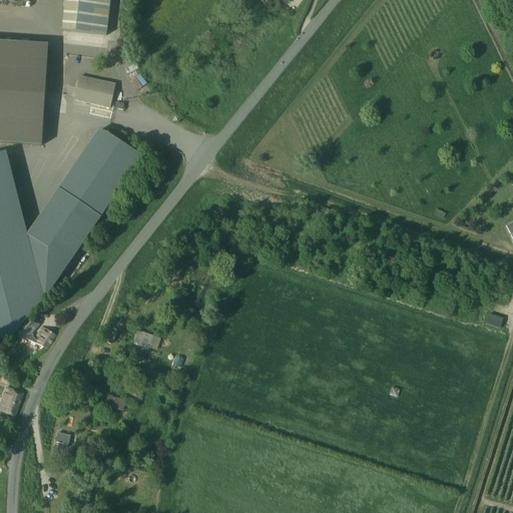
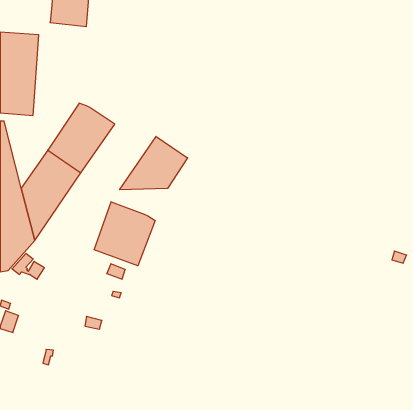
building: [74,77,116,106] -> none
building: none -> [120,136,188,190]
building: none -> [94,202,155,266]

